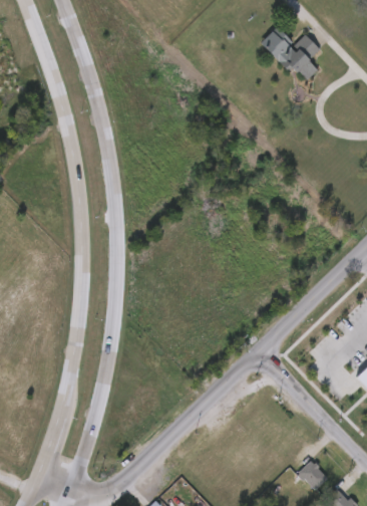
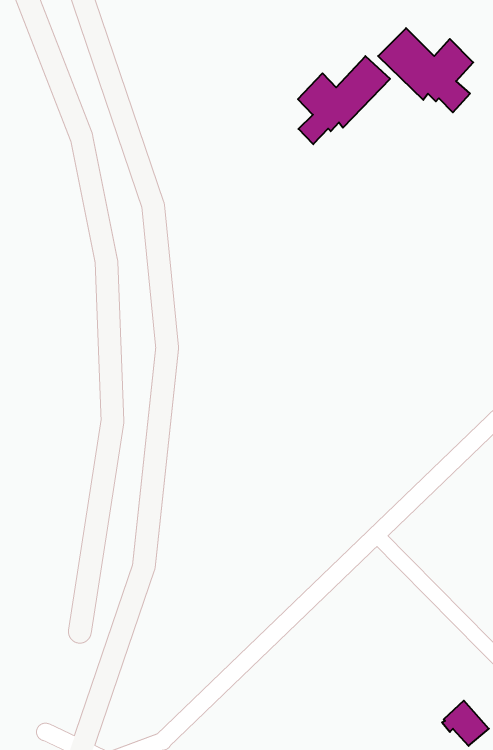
building: none -> [298,56,390,144]

